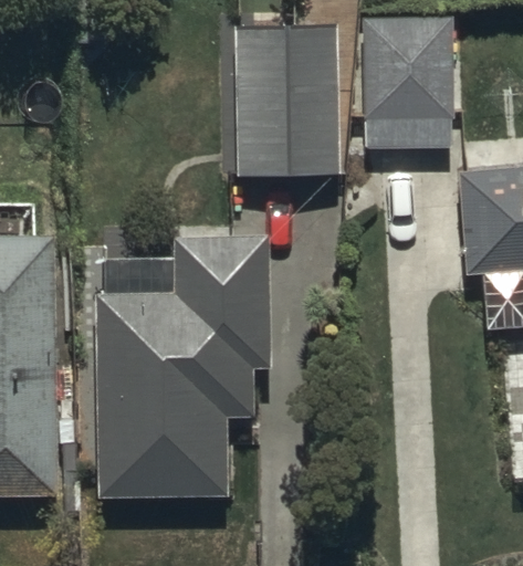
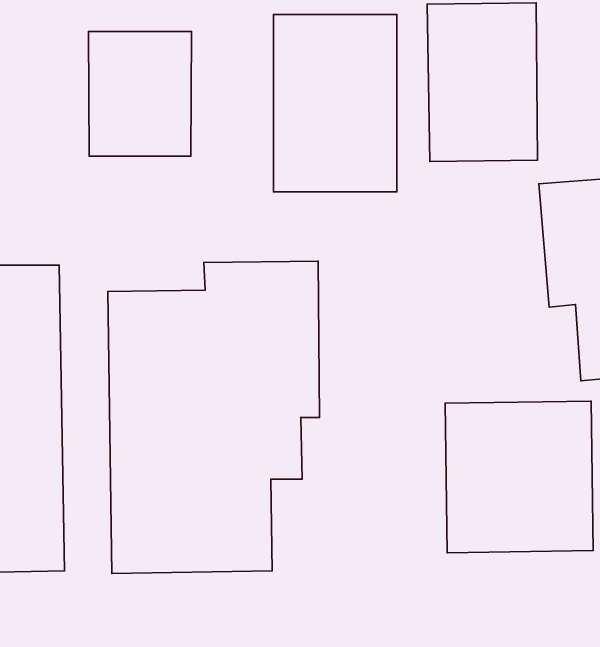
building: none -> [89,31,192,156]
building: none -> [445,401,593,553]

